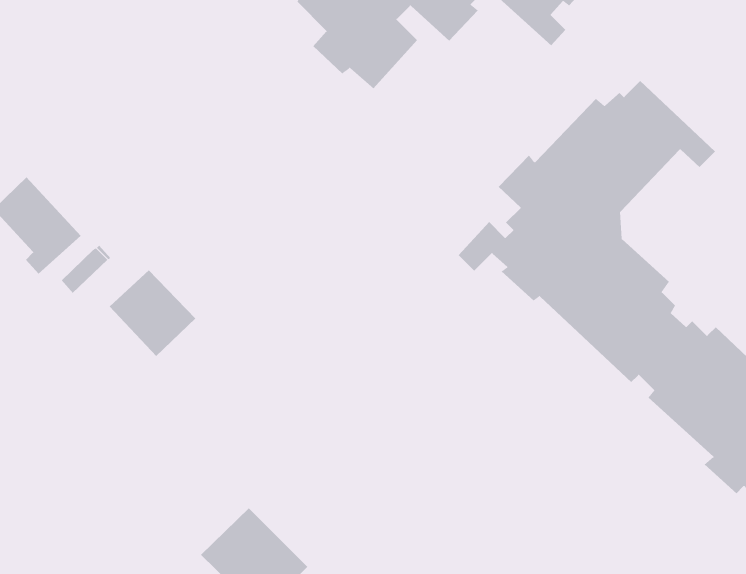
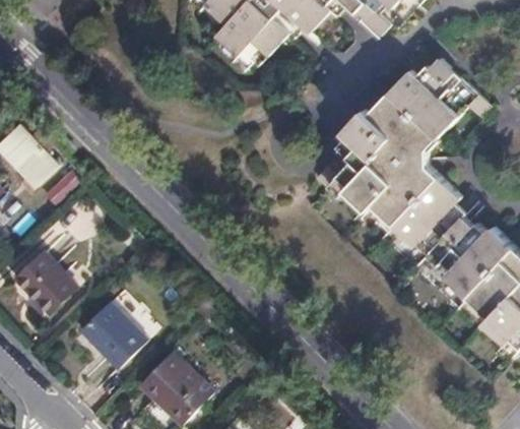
building: [109,269,196,357] -> [14,252,74,312]
building: none -> [78,301,147,369]

